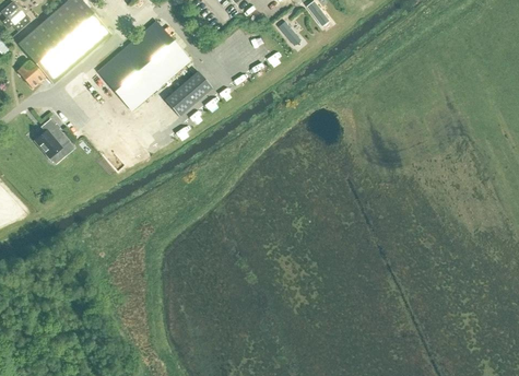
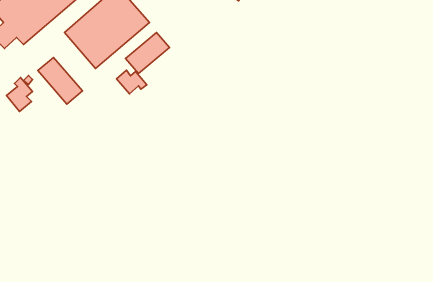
building: none -> [38,57,82,104]
building: none -> [116,70,147,94]

